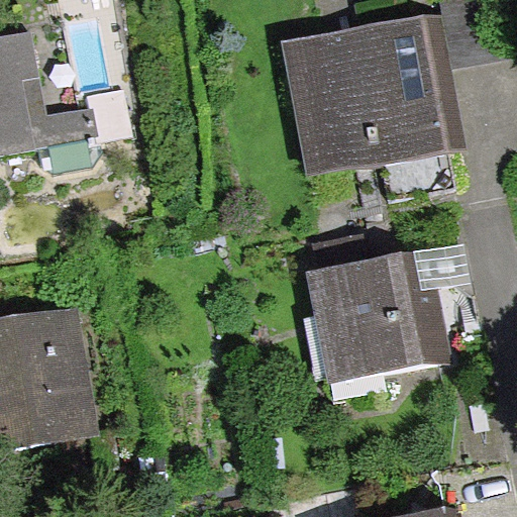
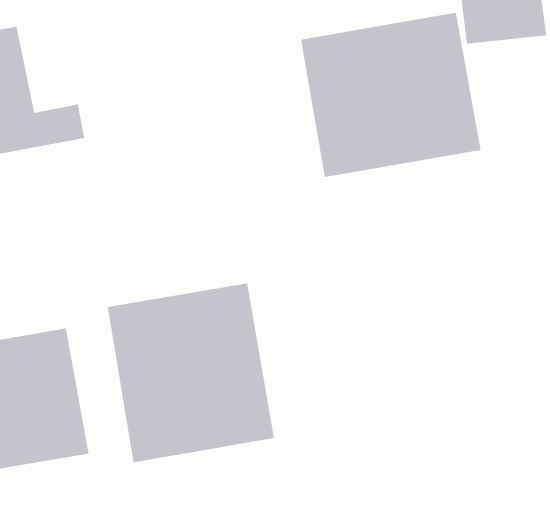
building: [312,257,447,380] -> none
building: none -> [107,282,275,463]

